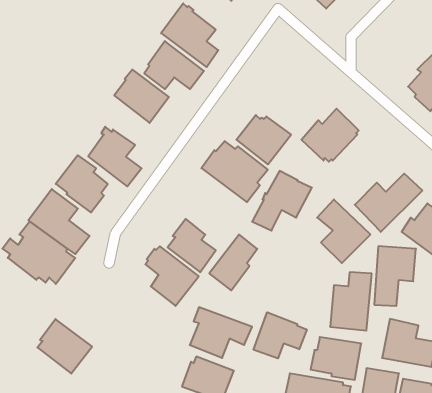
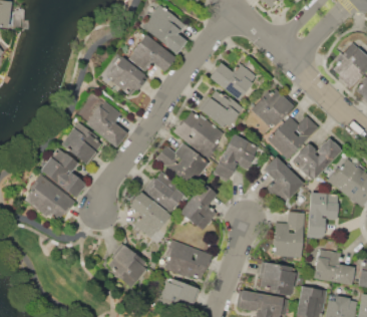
building: none -> [210,62,257,99]
building: none -> [268,115,319,158]
building: none -> [156,141,210,185]
building: [254,312,307,358] -> none
building: [37,319,92,374] -> [107,243,149,285]

